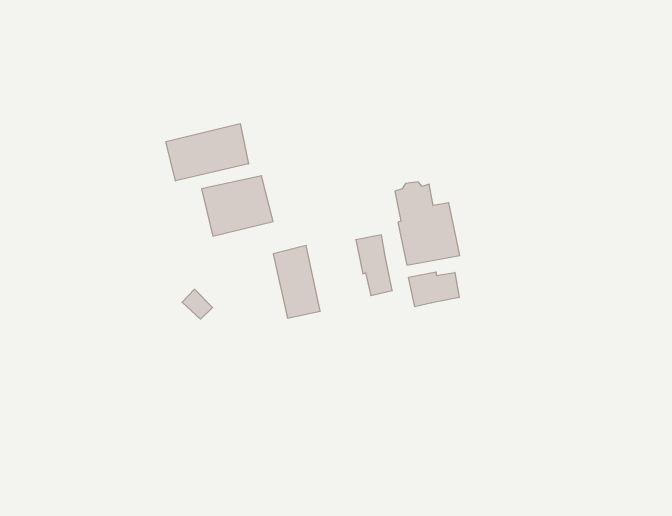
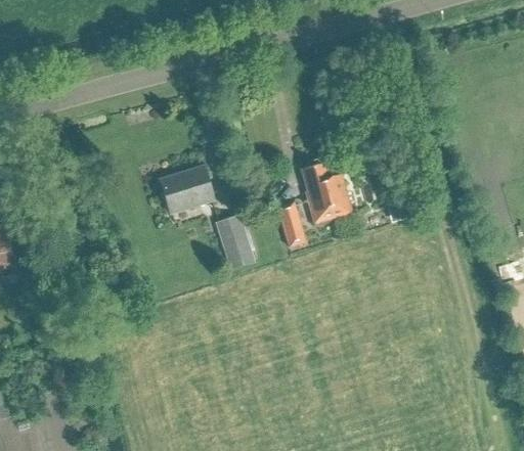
building: [166,124,248,181] -> none
building: [409,272,459,307] -> none

